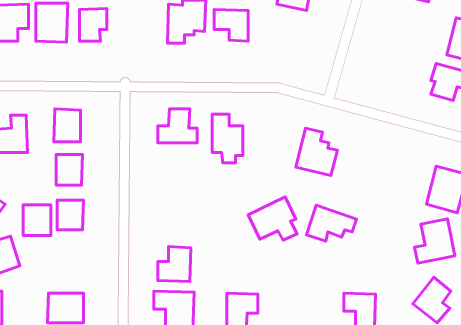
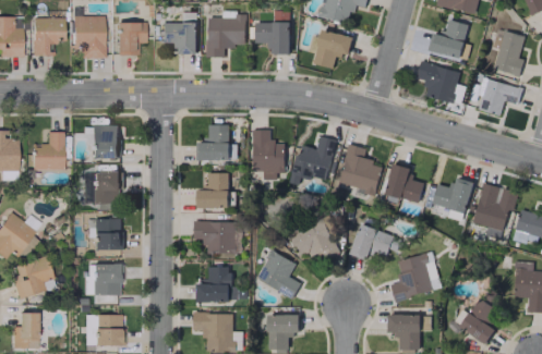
building: none -> [429,20,471,63]
building: none -> [161,22,197,56]
building: none -> [313,29,353,70]
building: none -> [417,62,461,103]
building: none -> [289,137,336,185]
building: none -> [387,166,423,202]
building: none -> [196,173,230,209]
building: none -> [432,178,474,213]
building: none -> [193,222,242,255]
building: [23,205,51,236] -> [93,264,121,295]
building: [415,219,455,263] -> [392,255,433,301]
building: none -> [257,251,301,300]

